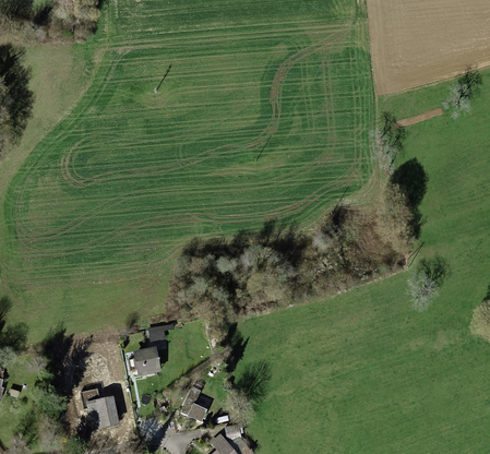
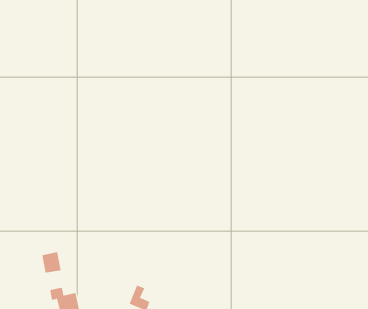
building: [134,346,159,373] -> [42,252,61,273]

